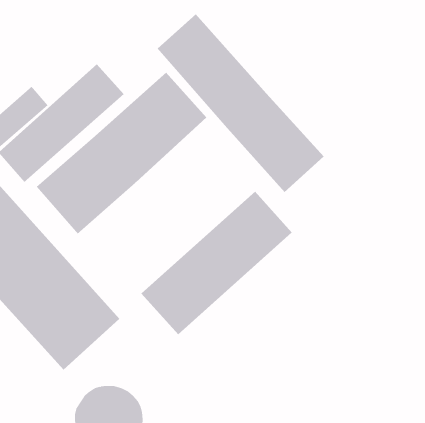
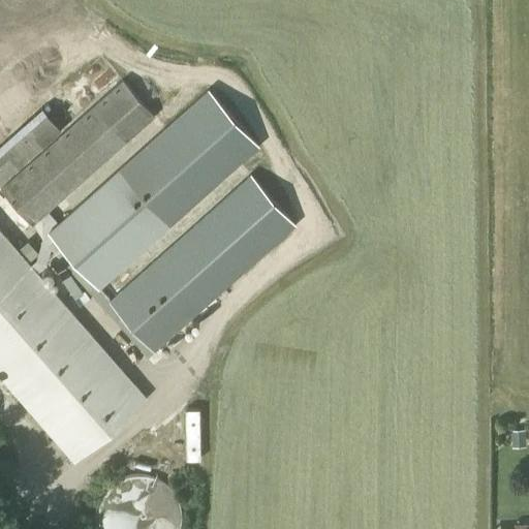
building: [157,13,325,193] -> none
building: [141,191,293,335] -> [105,178,293,356]

